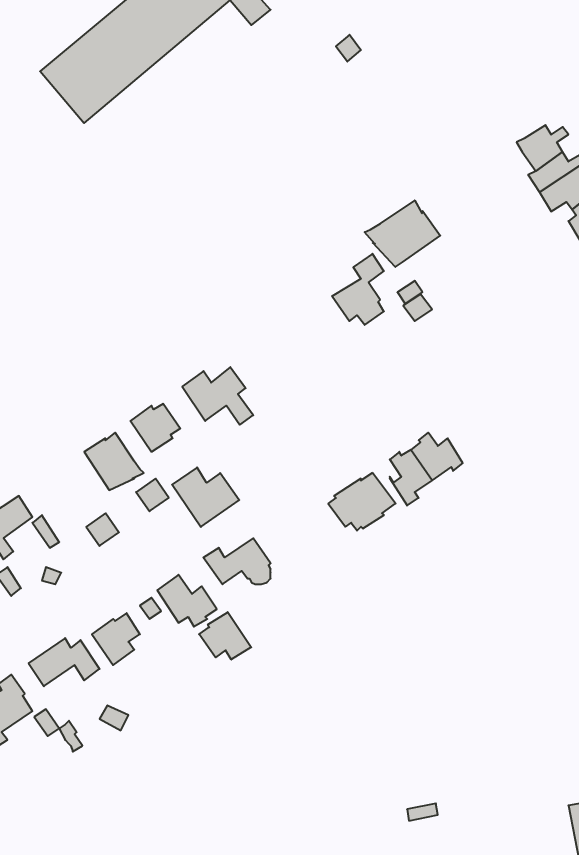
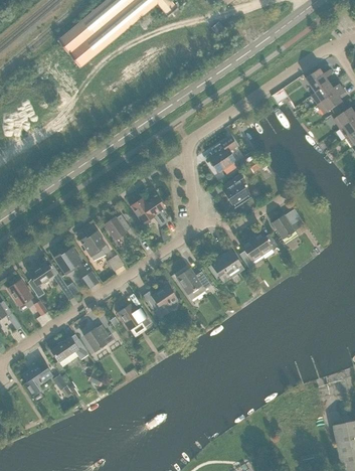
building: [365,200,440,267] -> none
building: none -> [223,173,249,207]
building: none -> [272,208,301,239]
building: none -> [54,248,80,276]
building: [172,467,239,527] -> [176,268,211,299]
building: [199,612,251,660] -> none

